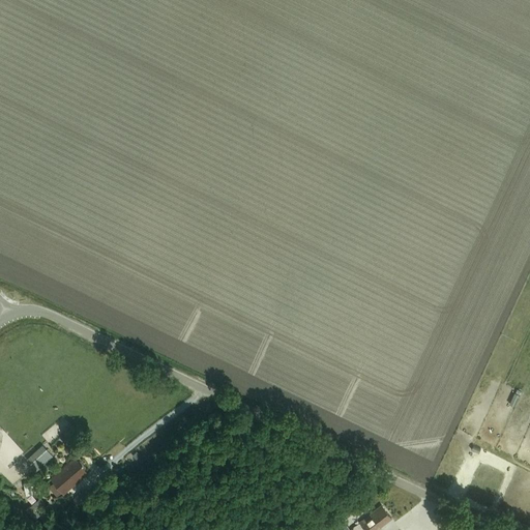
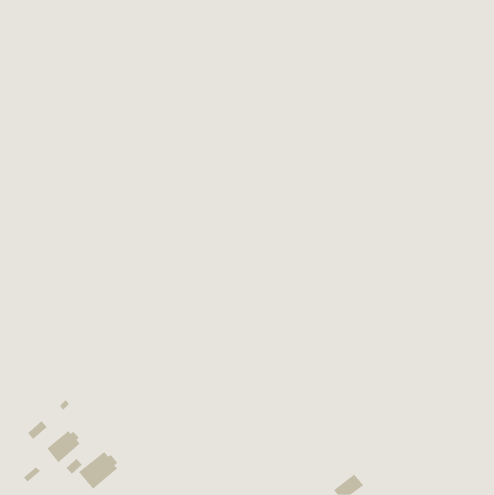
building: none -> [78,451,118,489]

